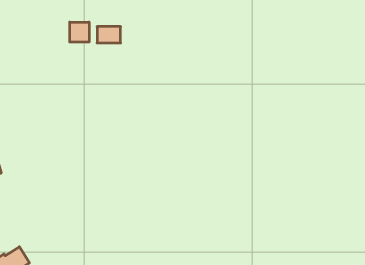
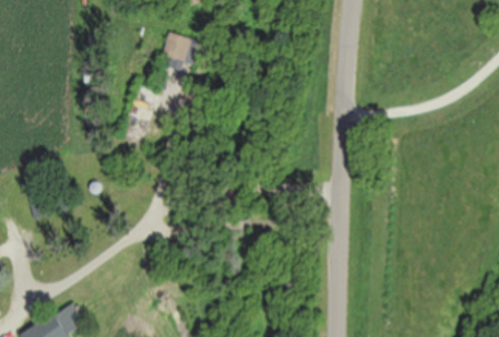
building: [70,22,89,42] -> none

